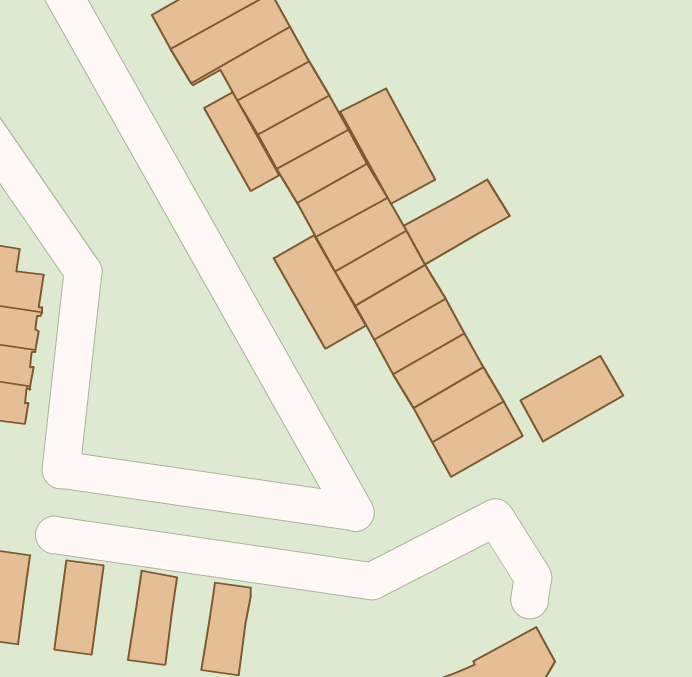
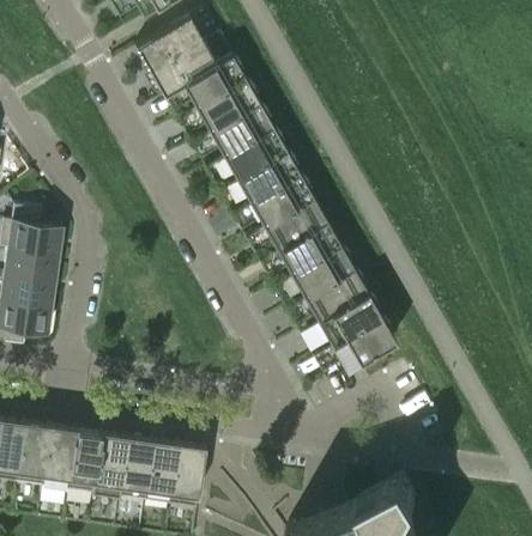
building: [340,88,435,204] -> none
building: [204,92,279,191] -> none
building: [404,179,510,264] -> none
building: [274,235,366,349] -> none
building: [521,356,623,442] -> none
building: none -> [42,425,75,491]
building: none -> [93,432,128,498]
building: none -> [145,440,180,505]

